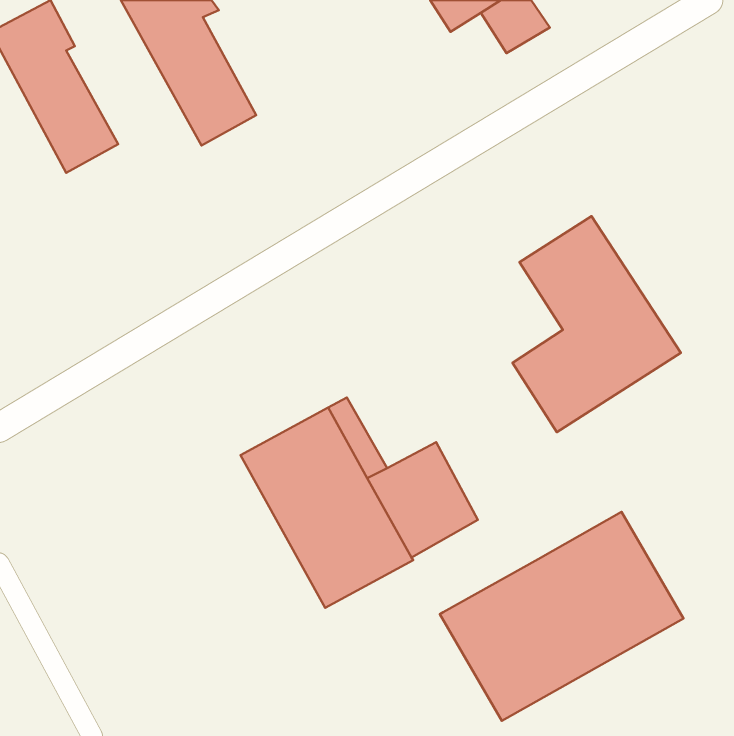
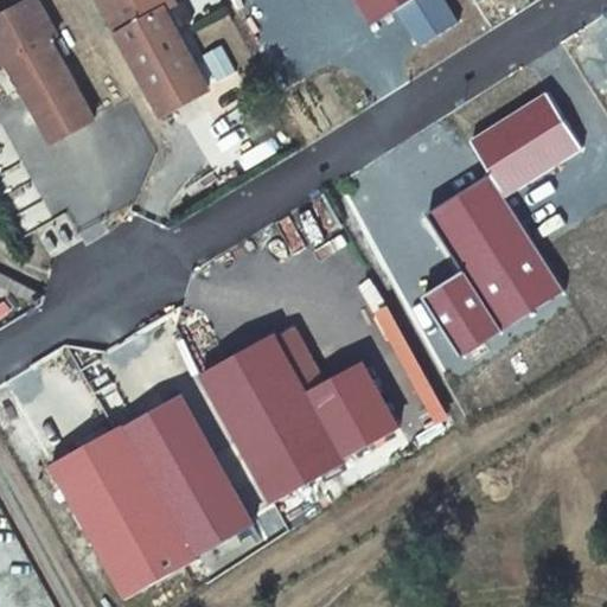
building: none -> [469,96,577,196]
building: none -> [45,396,247,599]
building: [440,512,683,721] -> none

